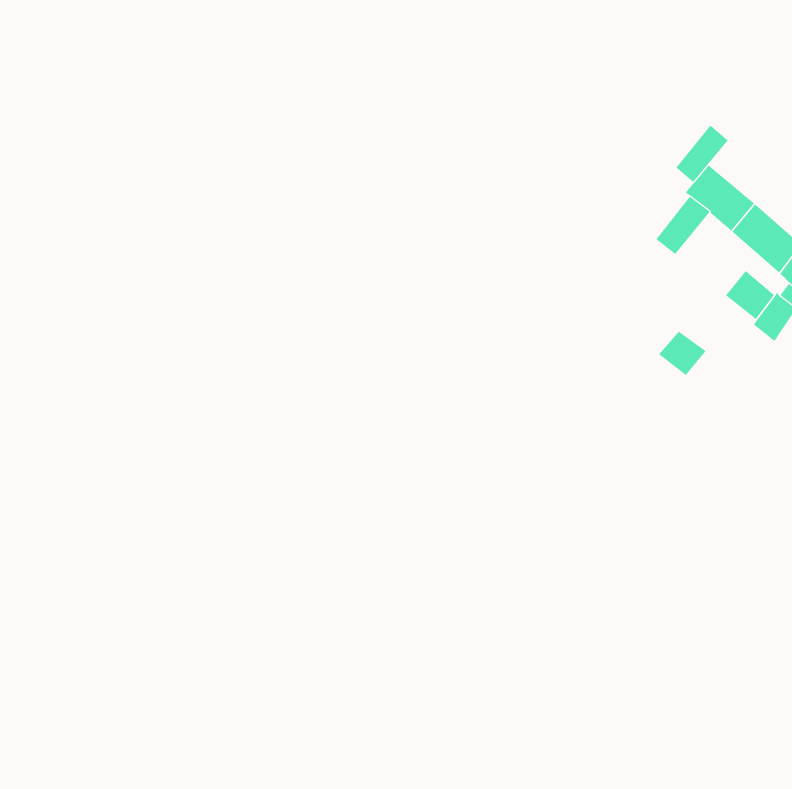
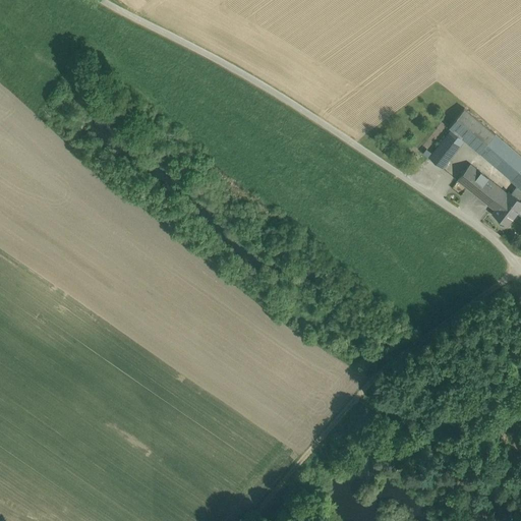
building: [676,125,729,183] -> none
building: [658,331,706,376] -> [458,167,489,196]

